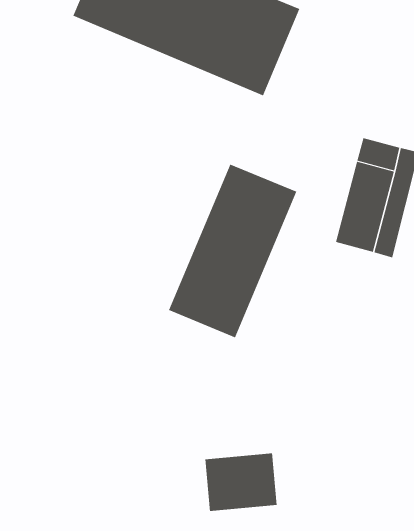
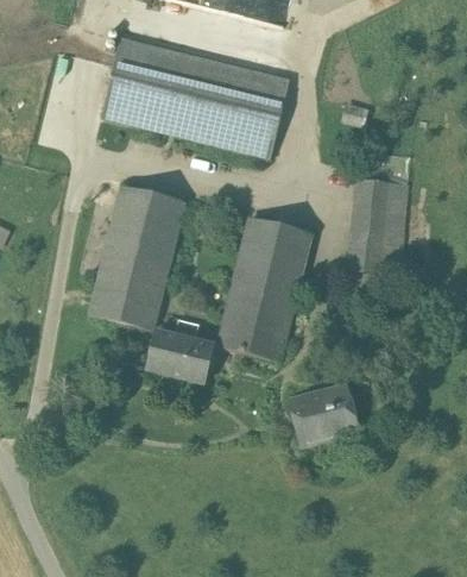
building: none -> [90,186,183,330]
building: none -> [147,318,216,382]
building: [204,453,277,512] -> [290,385,356,443]

